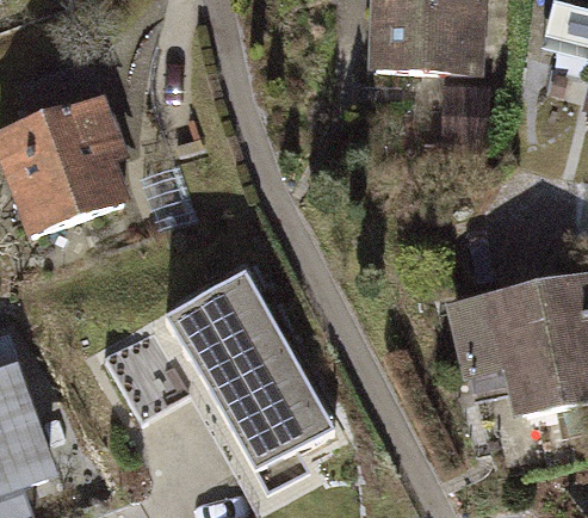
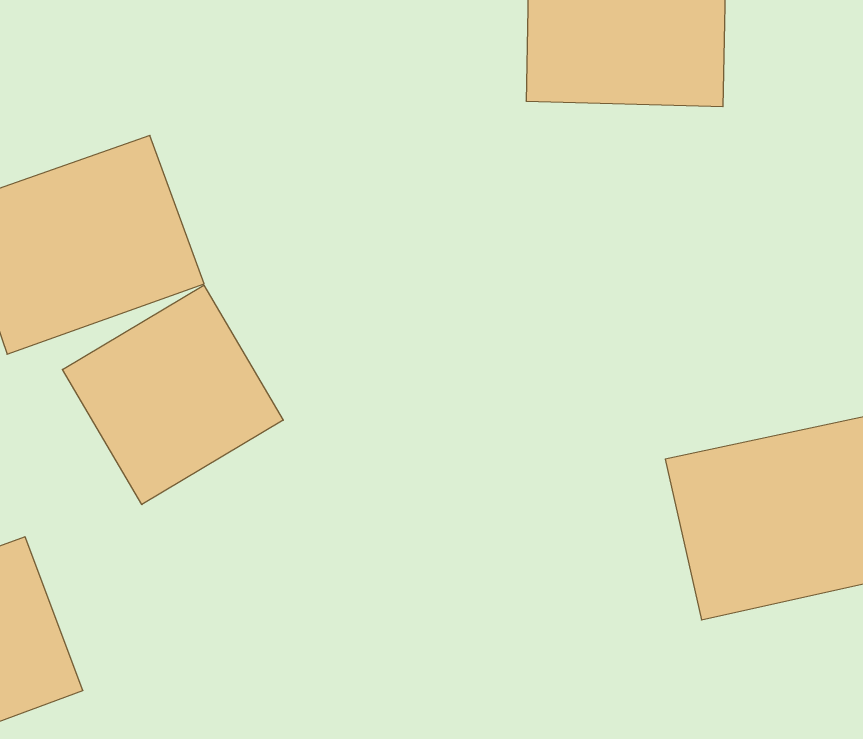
building: none -> [62,285,283,505]
building: [131,265,341,476] -> none

